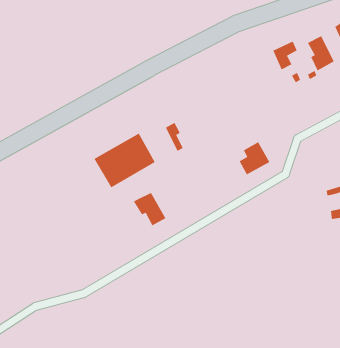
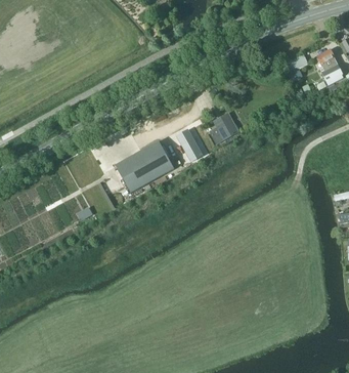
building: [239,142,270,175] -> [210,112,239,143]
building: [133,192,166,226] -> none

